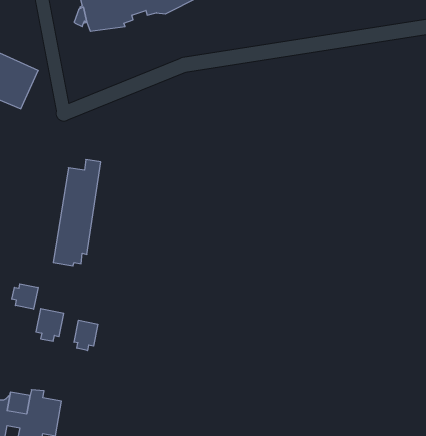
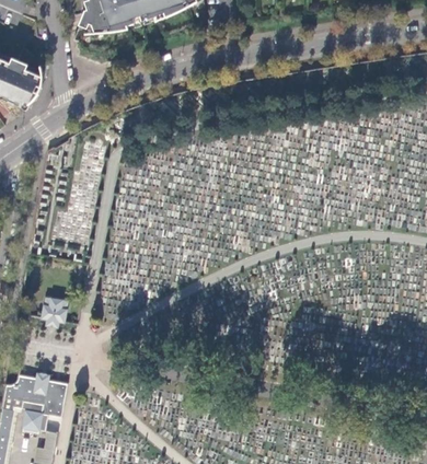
building: [12,284,38,309] -> none
building: [74,320,98,351] -> none

